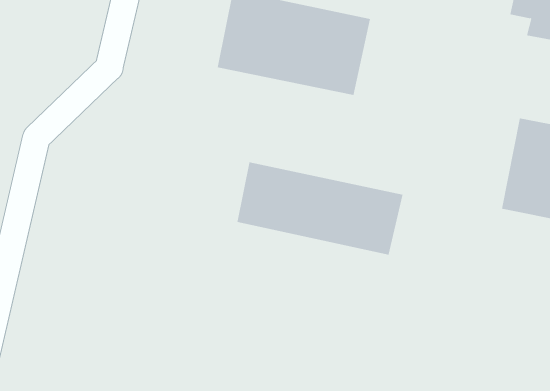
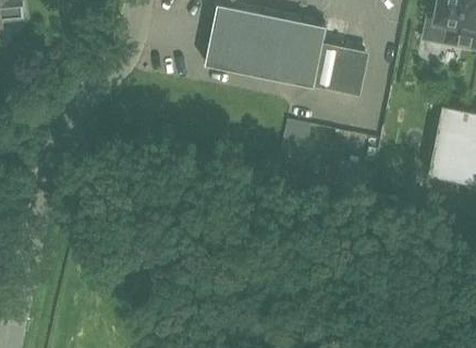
building: none -> [313,43,364,96]
building: [237,161,403,256] -> none

